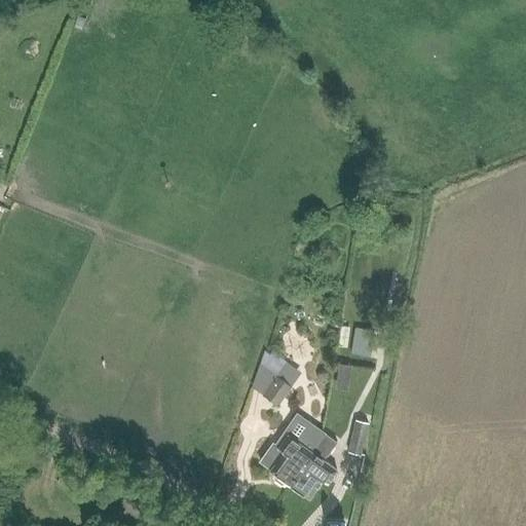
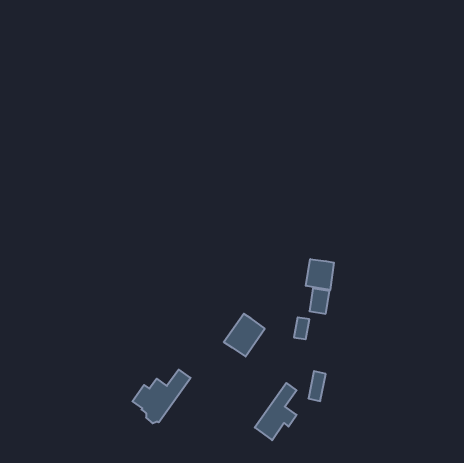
building: none -> [306,259,334,290]
building: [258,423,324,484] -> [132,370,191,423]

